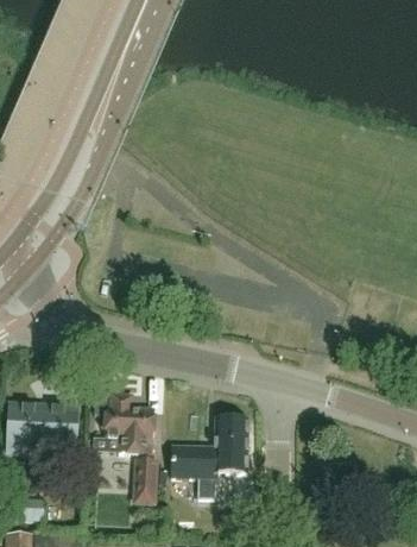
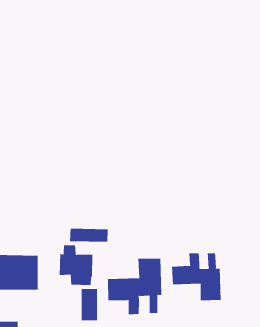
building: none -> [70,228,108,243]
building: none -> [172,252,221,301]

